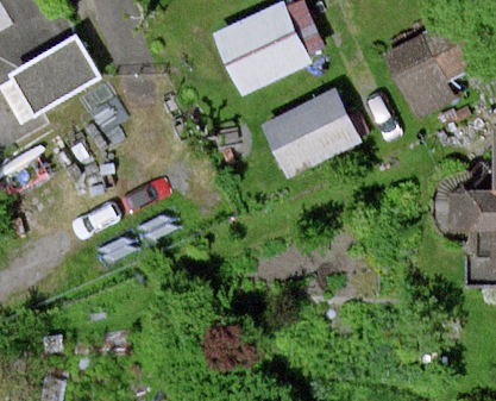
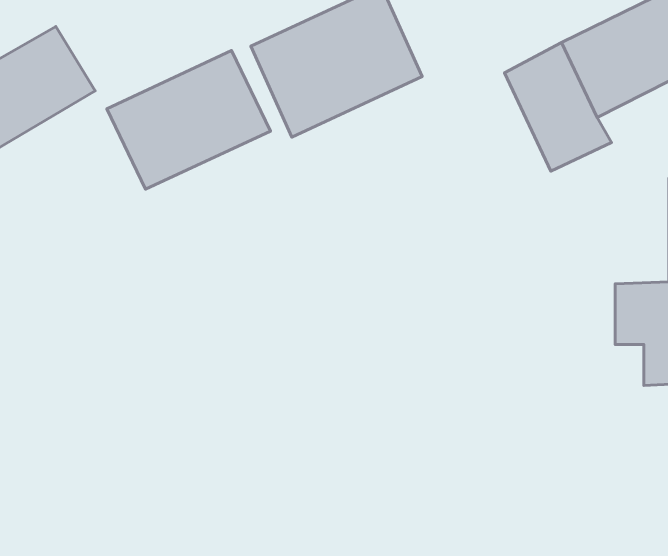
building: none -> [107,51,270,189]
building: [260,88,360,178] -> none

